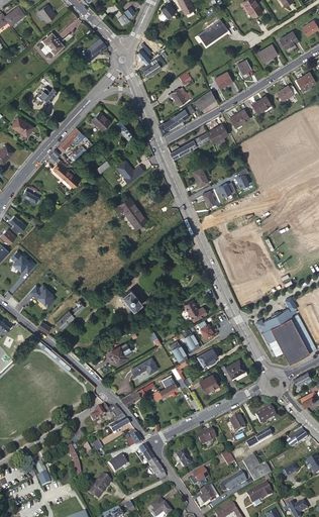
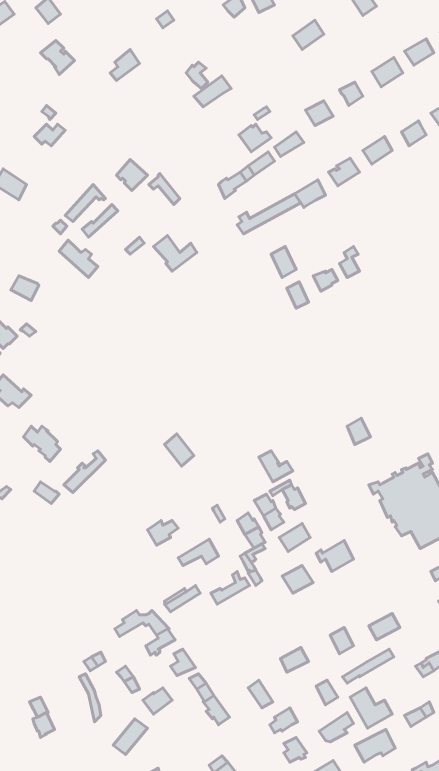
building: [114,196,146,227] -> none

